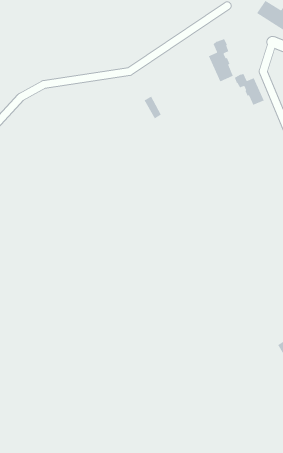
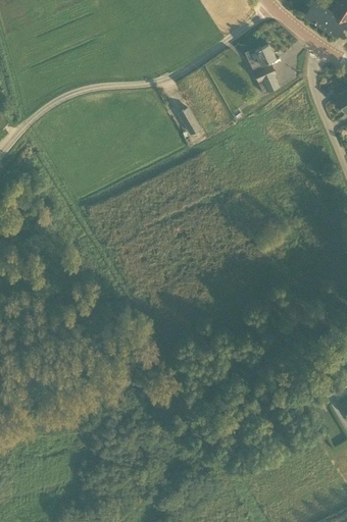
building: [234,73,265,106] -> none

